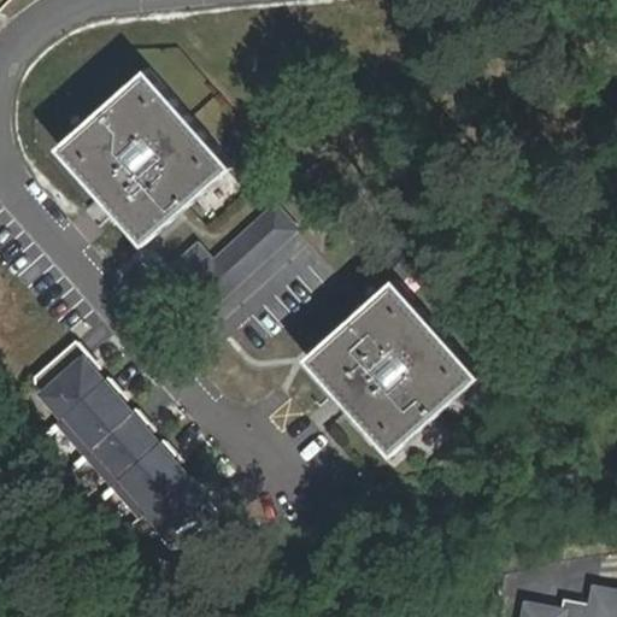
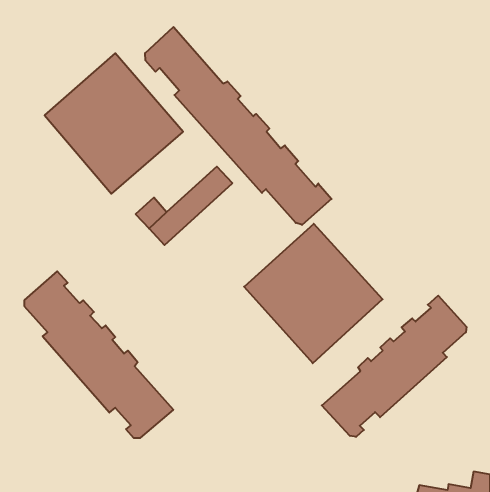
building: none -> [145,27,332,225]
building: none -> [322,296,466,437]

